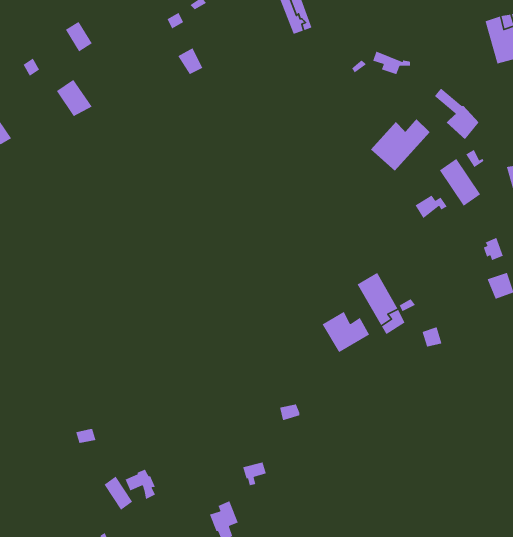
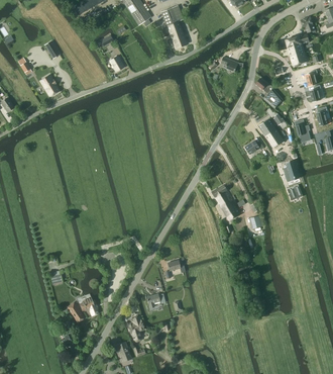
building: [370,118,430,171] -> none
building: [322,311,370,353] -> none

